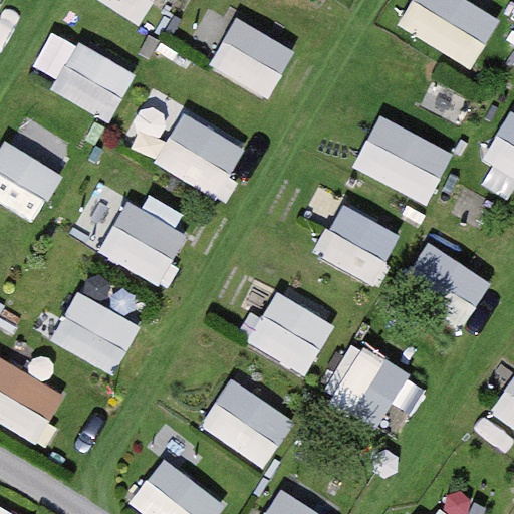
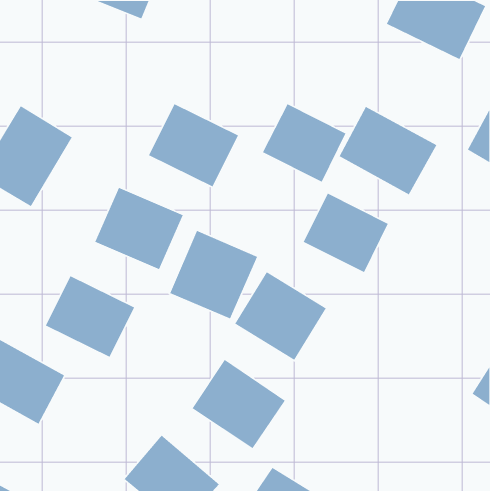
building: [207,17,294,99] -> [262,103,346,183]
building: [49,40,136,122] -> none
building: [395,242,491,332] -> none
building: none -> [169,230,258,319]
building: [333,350,403,423] -> none

